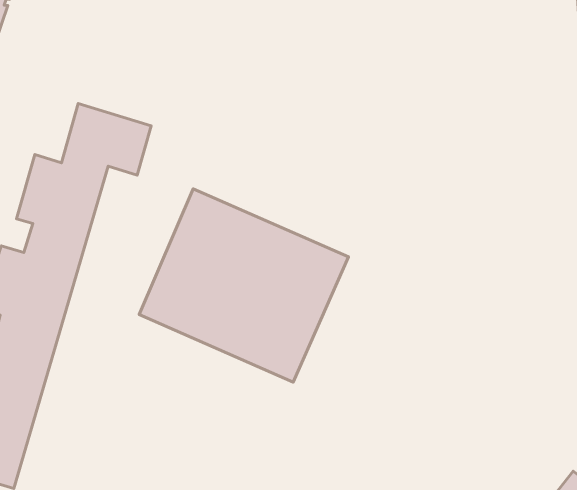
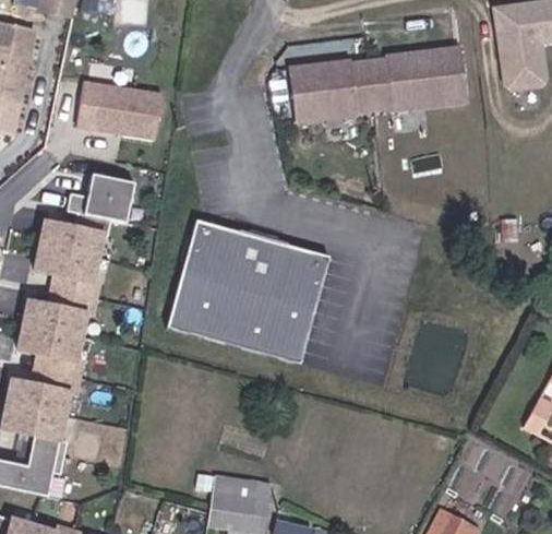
building: none -> [83,85,153,140]
building: none -> [279,52,455,116]

